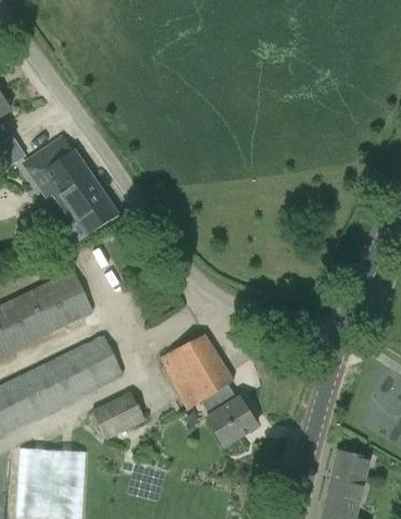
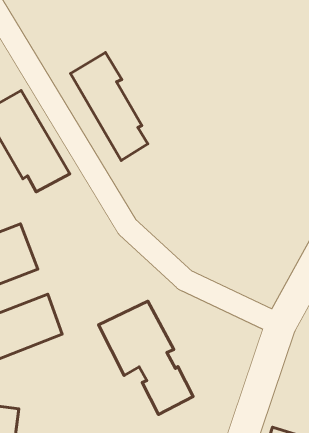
building: none -> [71,53,148,161]
building: [91,390,146,440] -> none

